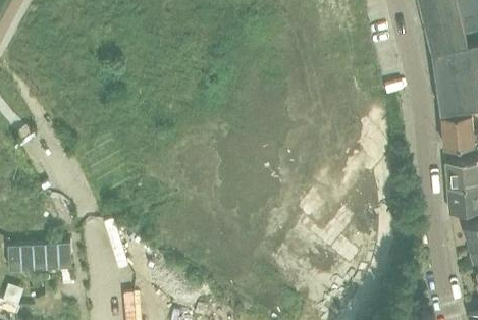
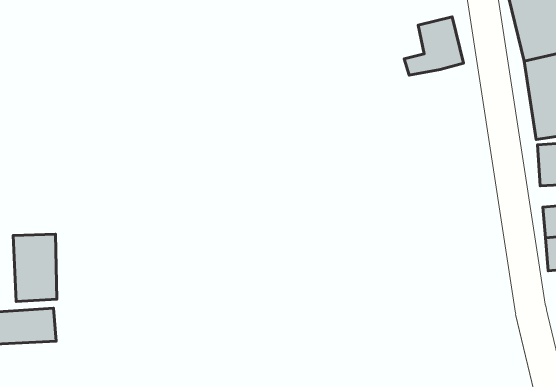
building: none -> [404,17,464,75]
building: none -> [13,234,57,301]

